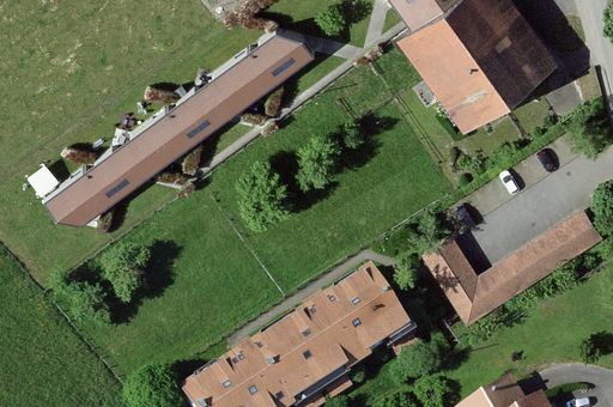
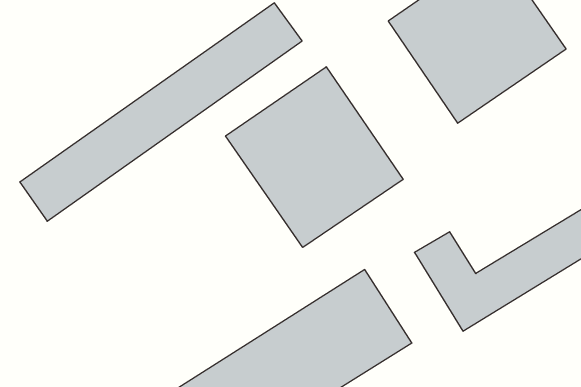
building: none -> [226,67,403,247]

